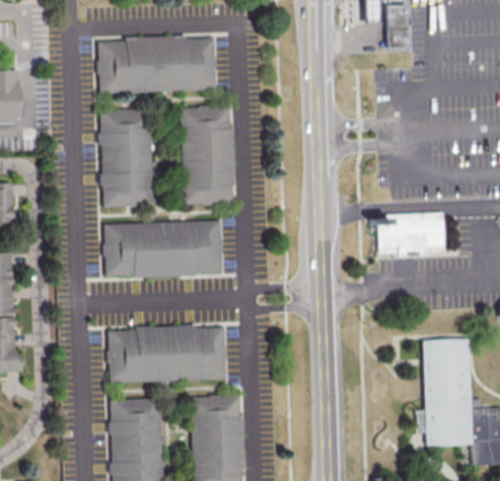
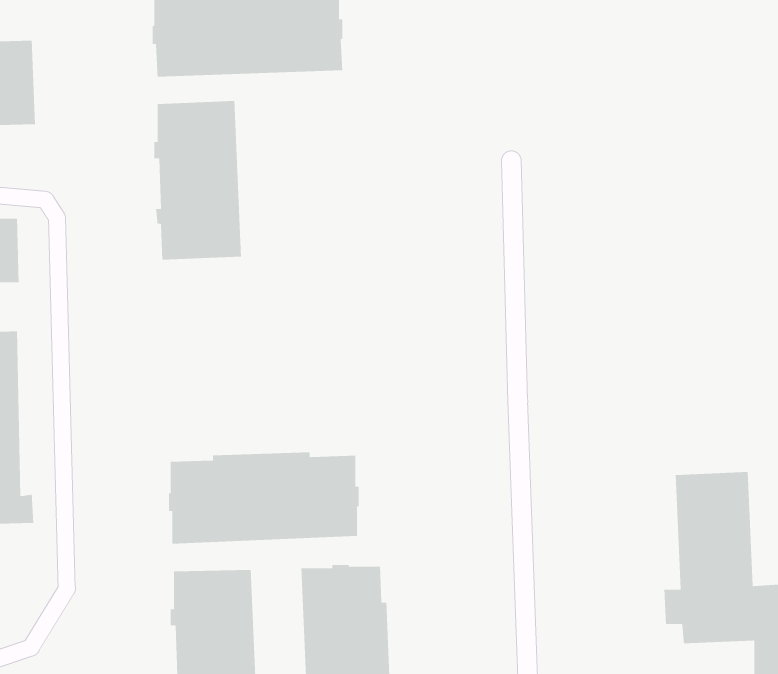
building: [178,106,234,207] -> none
building: [371,213,449,254] -> none
building: [101,222,221,279] -> none

